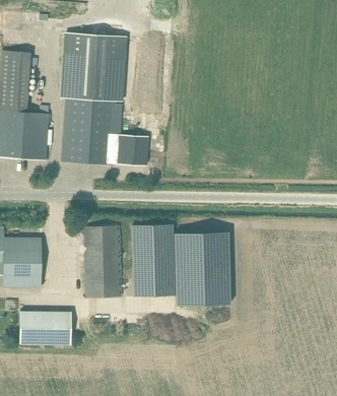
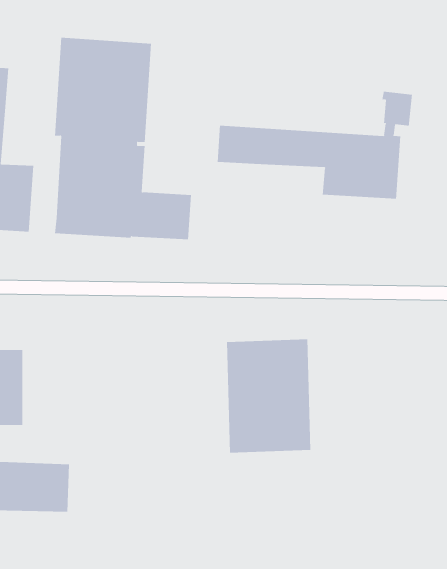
building: none -> [217,91,412,200]
building: [132,224,175,296] -> none
building: [84,225,123,299] -> none

